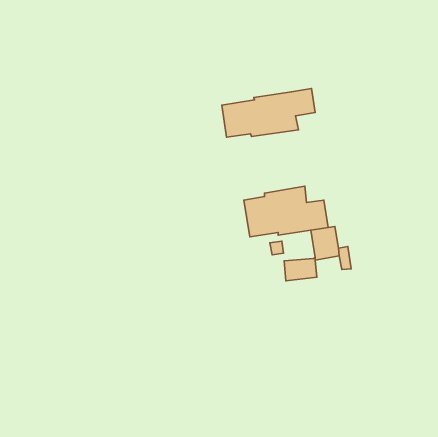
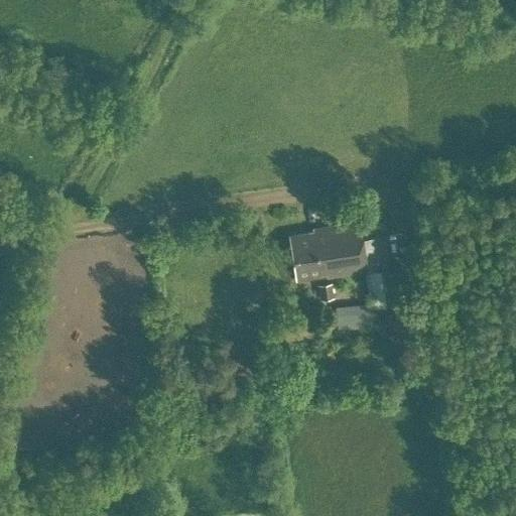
building: [222,89,315,137] -> none

